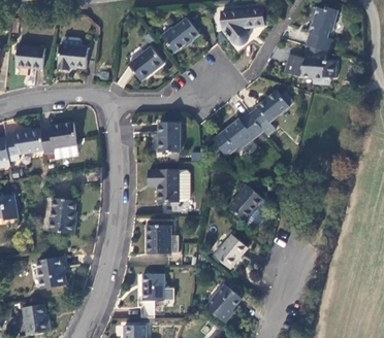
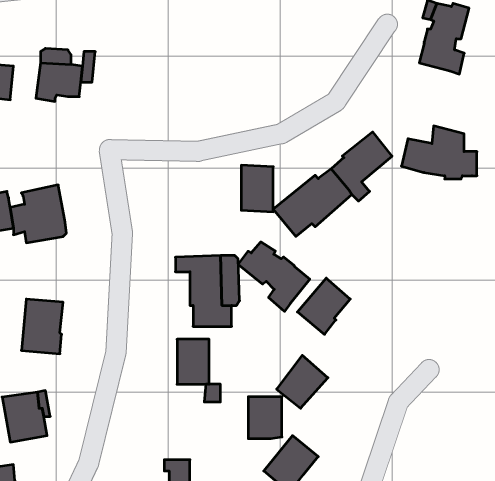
building: [222,10,262,45] -> none
building: [162,18,199,52] -> none
building: [285,45,333,79] -> [401,126,477,179]
building: [129,46,163,80] -> none
building: [158,122,179,151] -> [241,165,273,212]
building: none -> [238,242,310,311]
building: [143,273,165,300] -> [248,397,282,439]

